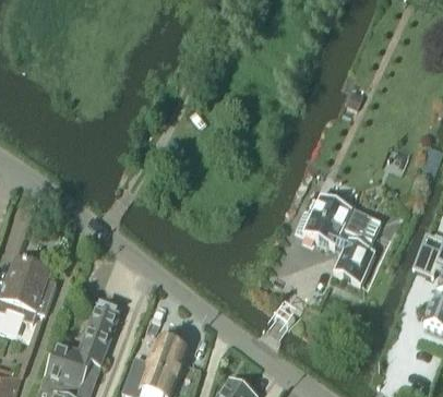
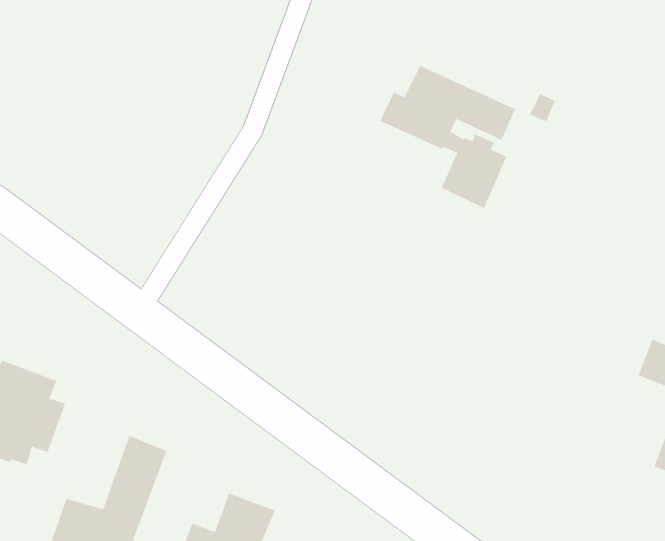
building: [297,193,382,282] -> [379,65,516,209]

